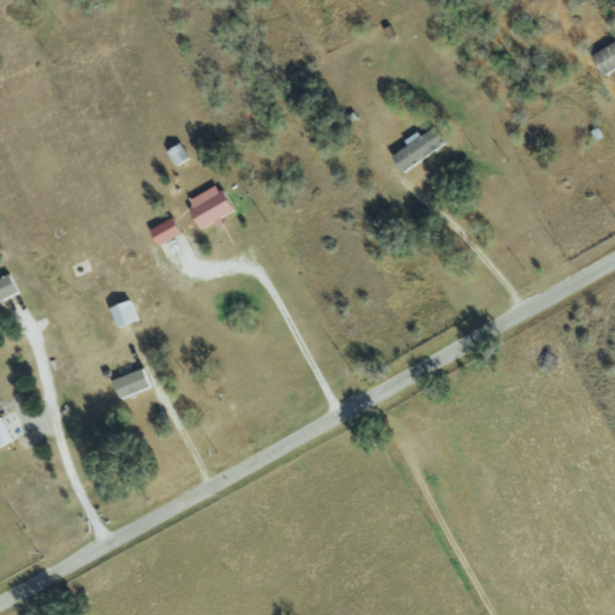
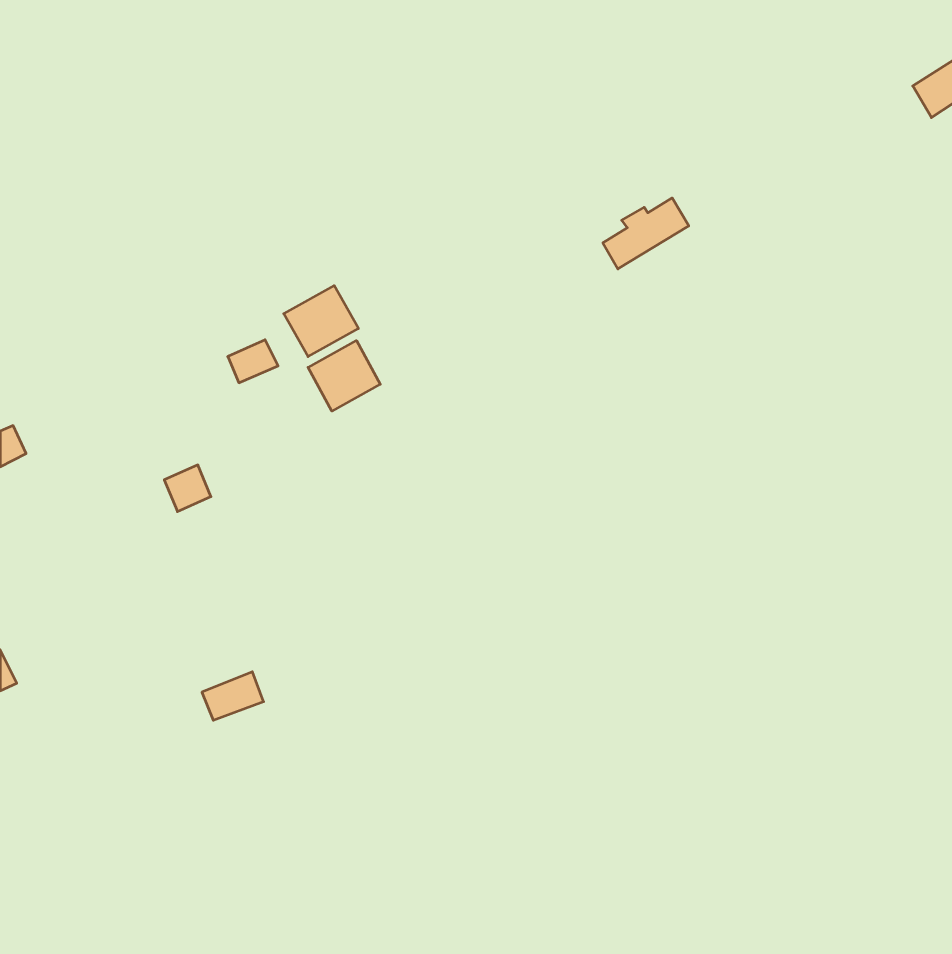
building: none -> [308,341,380,411]
building: [111,368,150,399] -> [202,672,264,720]

